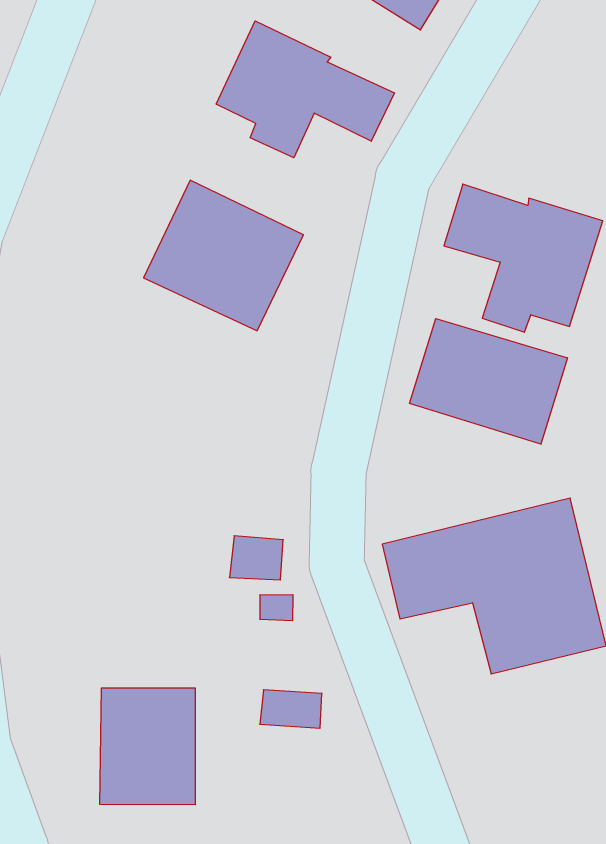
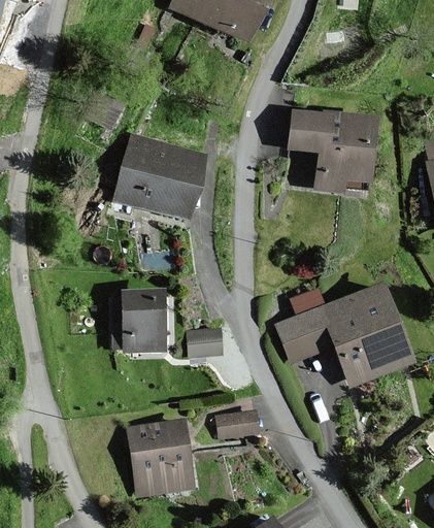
building: [216,21,394,158] -> none
building: [409,319,567,444] -> none
building: none -> [116,293,164,349]

